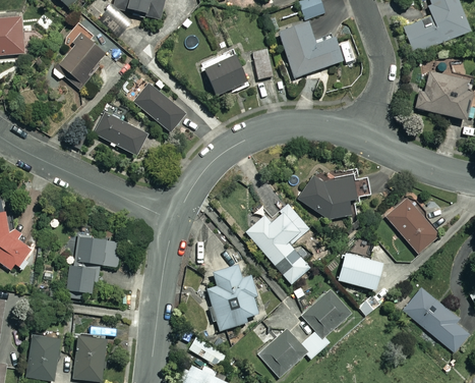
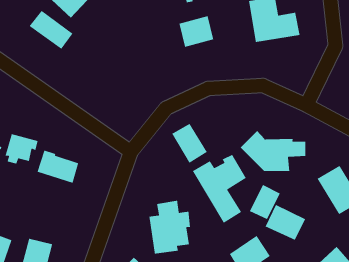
building: [252,49,274,78] -> none
building: [134,85,184,131] -> none
building: [95,114,145,155] -> [29,10,73,50]
building: none -> [171,123,208,164]
building: none -> [249,184,281,220]
building: [64,265,99,298] -> [5,133,38,164]

